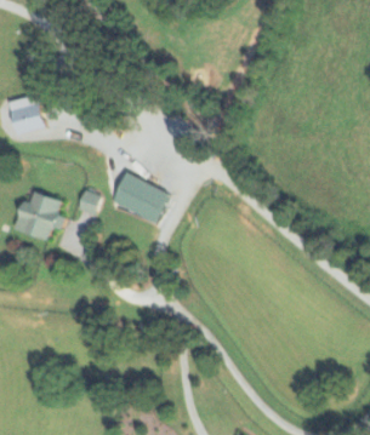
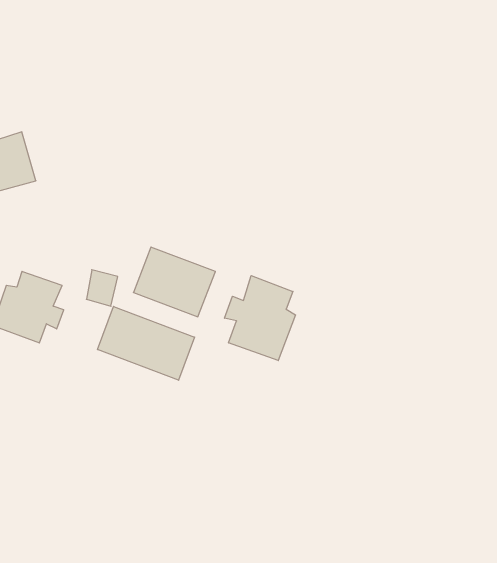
building: none -> [225,276,296,361]
building: none -> [98,306,195,380]

